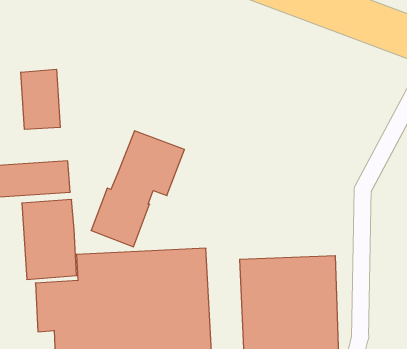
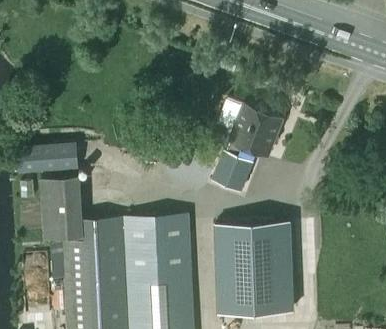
building: [21,69,60,129] -> none
building: [91,131,184,247] -> [207,105,282,198]

